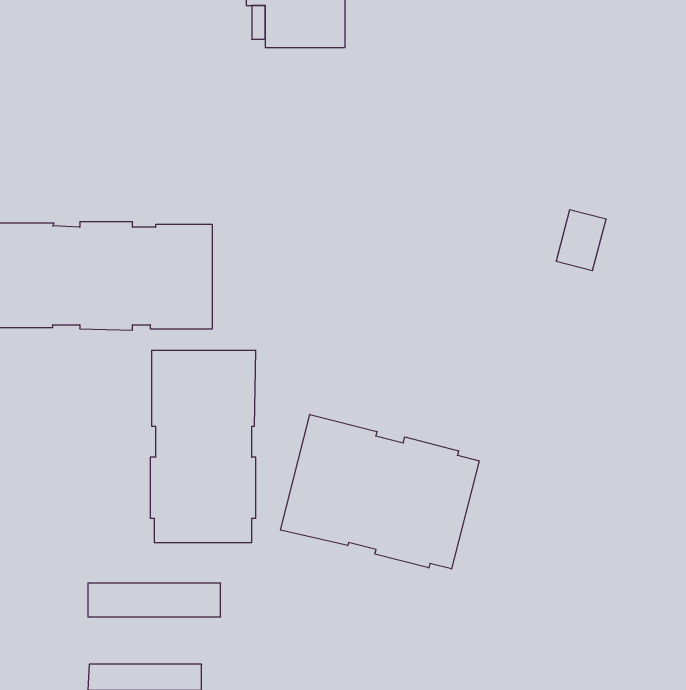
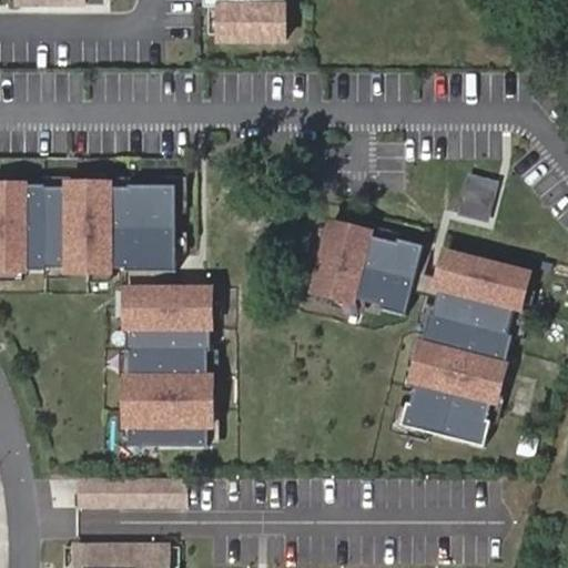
building: none -> [312,221,423,314]
building: none -> [399,250,528,446]
building: [280,414,479,569] -> none

